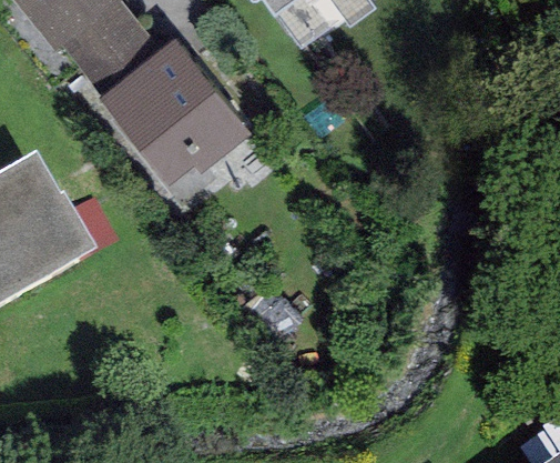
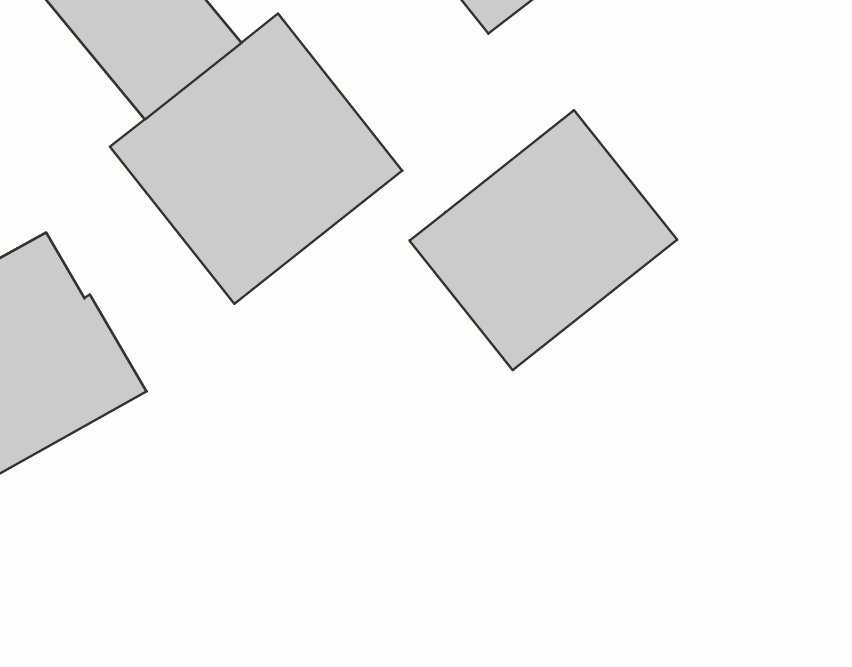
building: none -> [410,110,677,370]

